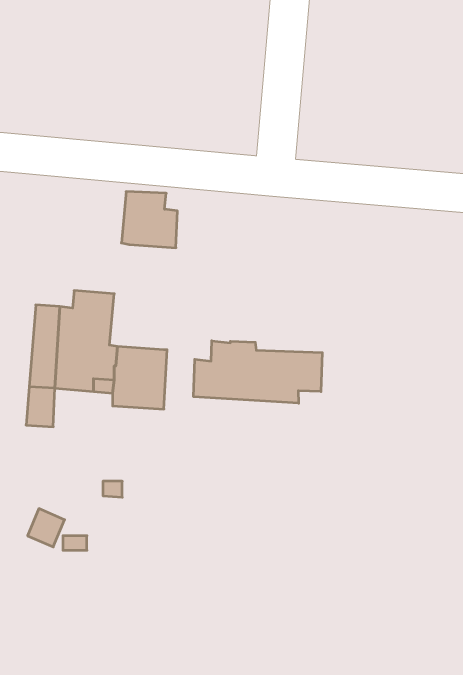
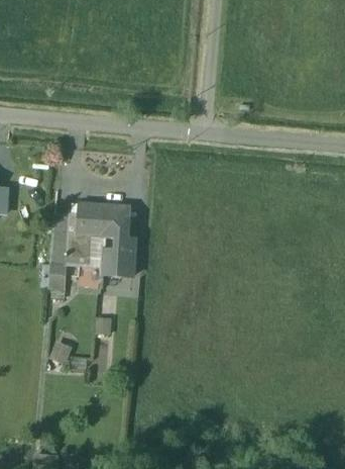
building: [121,192,177,248] -> [100,203,135,239]
building: [194,341,322,403] -> none

